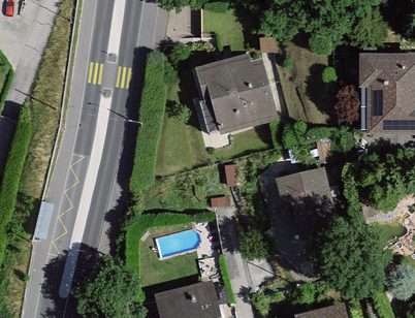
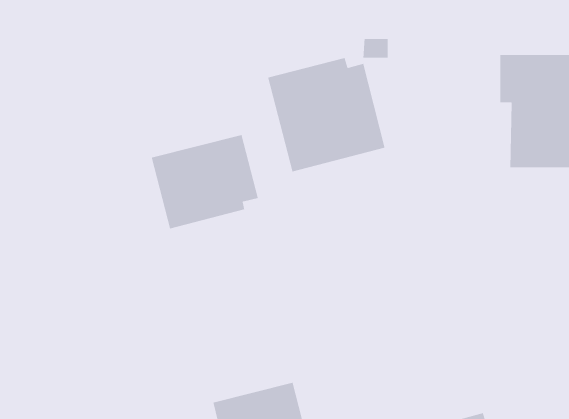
building: none -> [151,134,259,229]
building: [276,171,342,244] -> none

